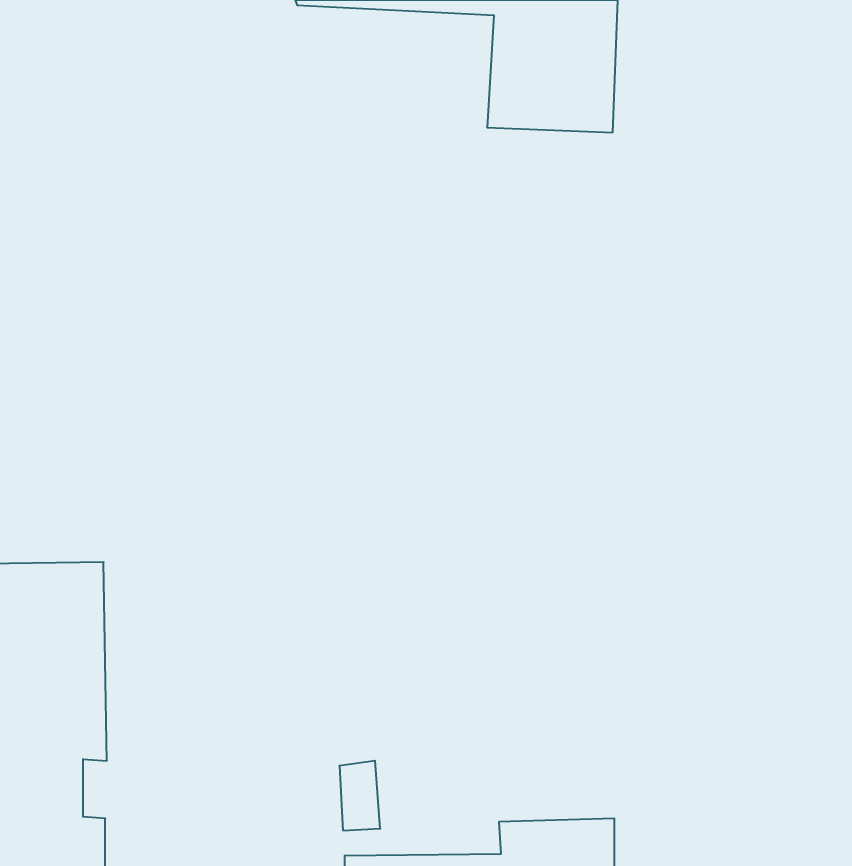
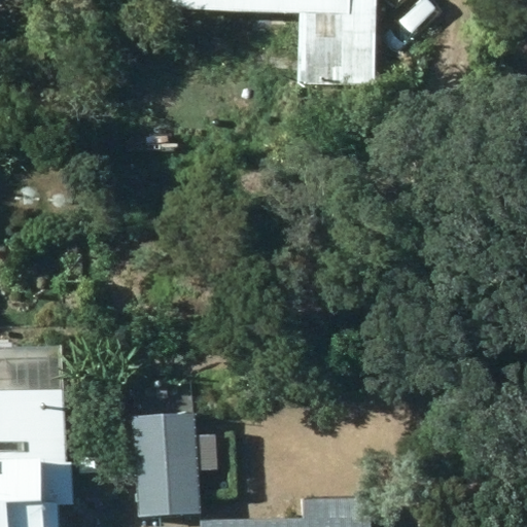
building: none -> [131,413,200,518]

